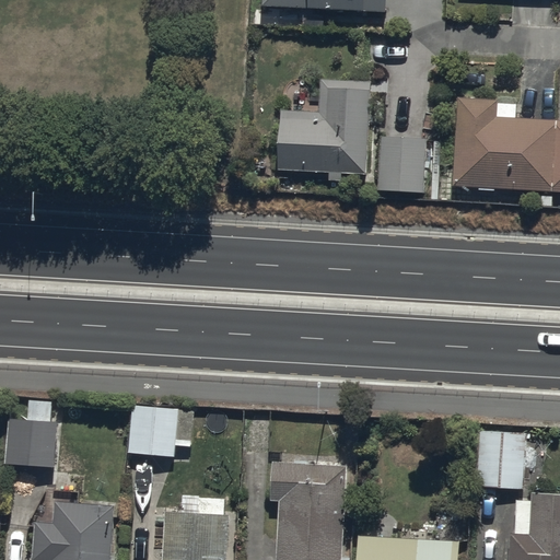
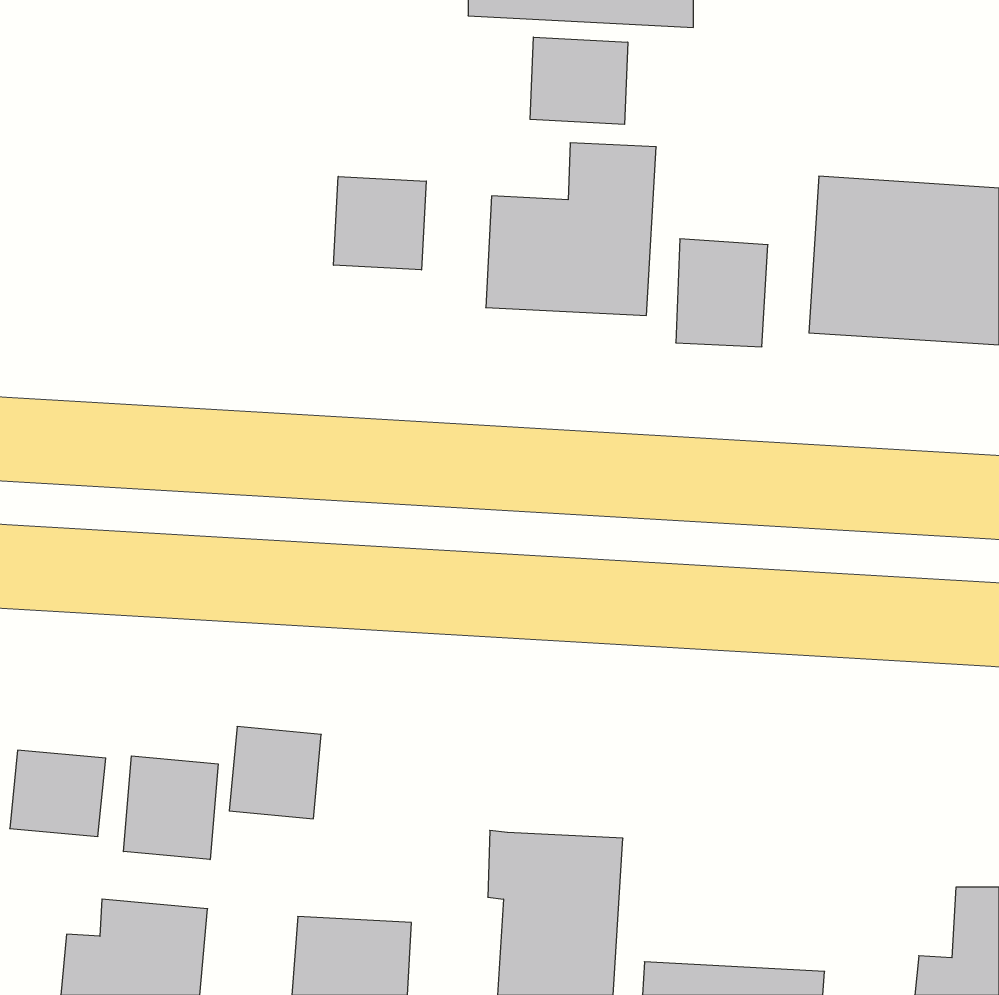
building: none -> [530,37,628,124]
building: none -> [334,176,426,270]
building: none -> [123,756,218,860]
building: [477,432,527,489] -> none

